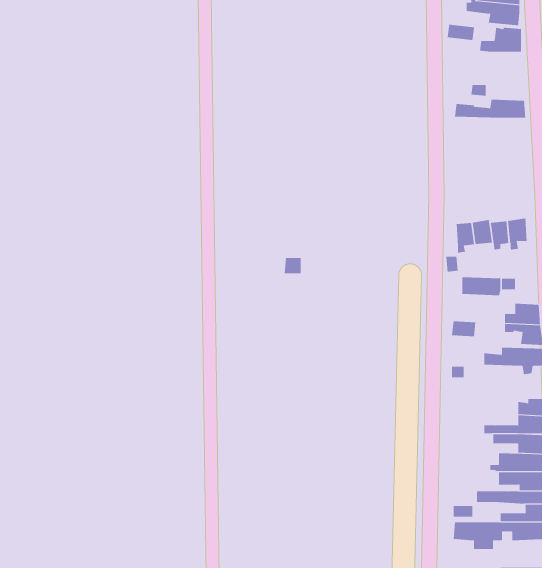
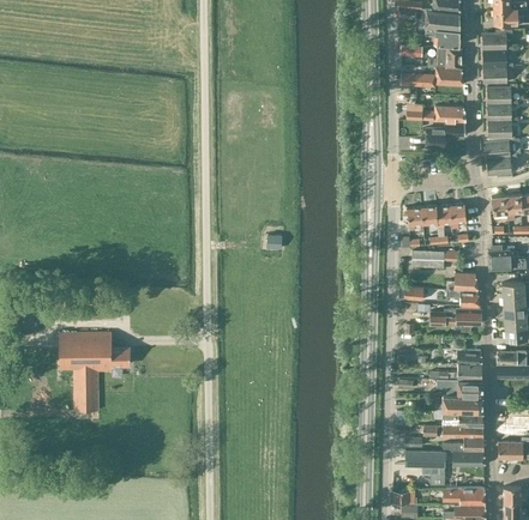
building: none -> [402,67,461,85]
building: none -> [426,121,465,146]
building: none -> [59,332,130,411]

